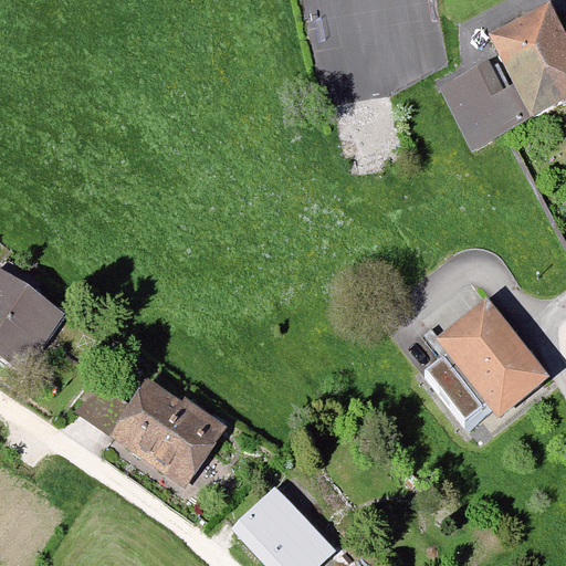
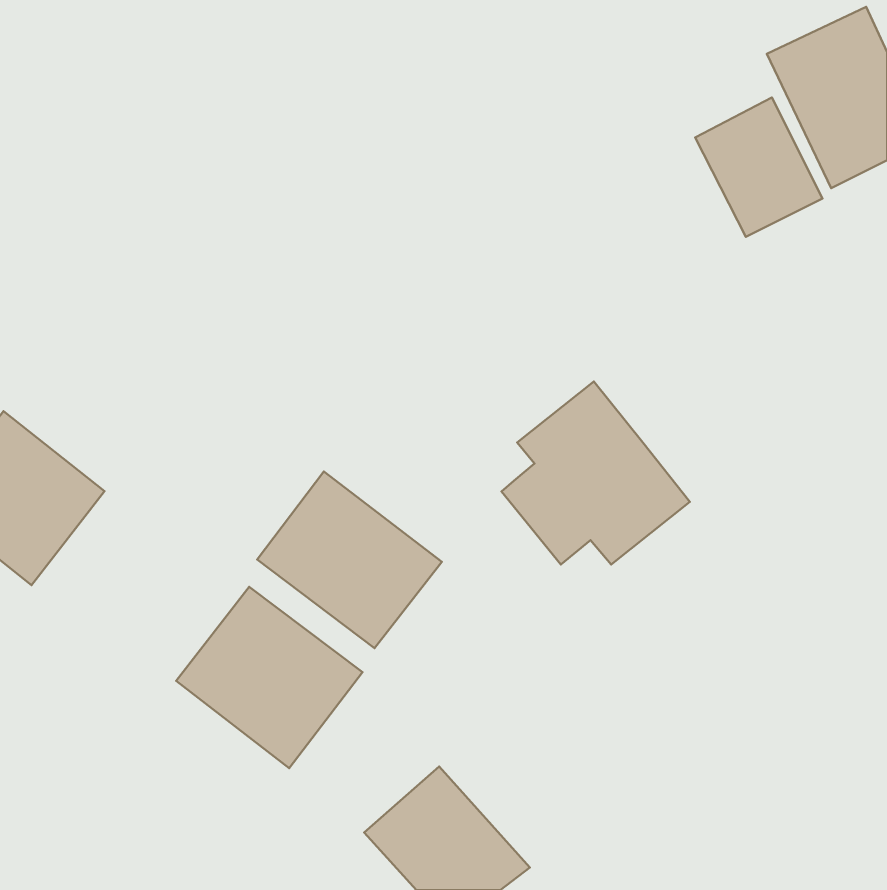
building: none -> [257,471,442,648]
building: [427,301,546,417] -> [502,382,690,565]

